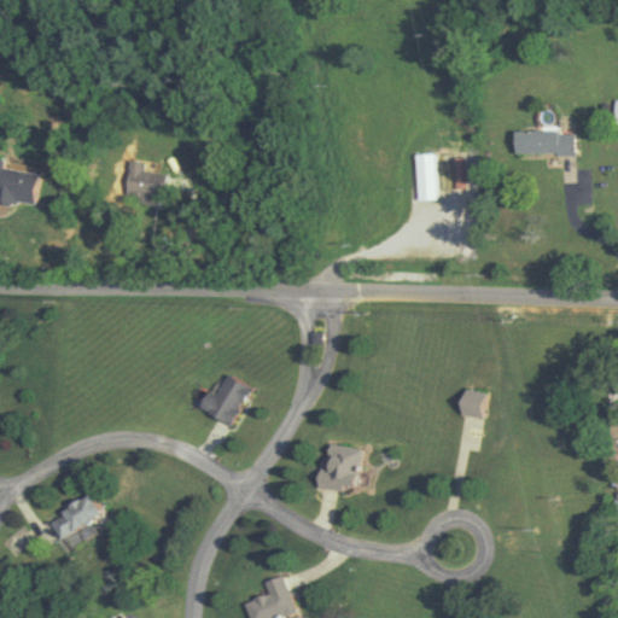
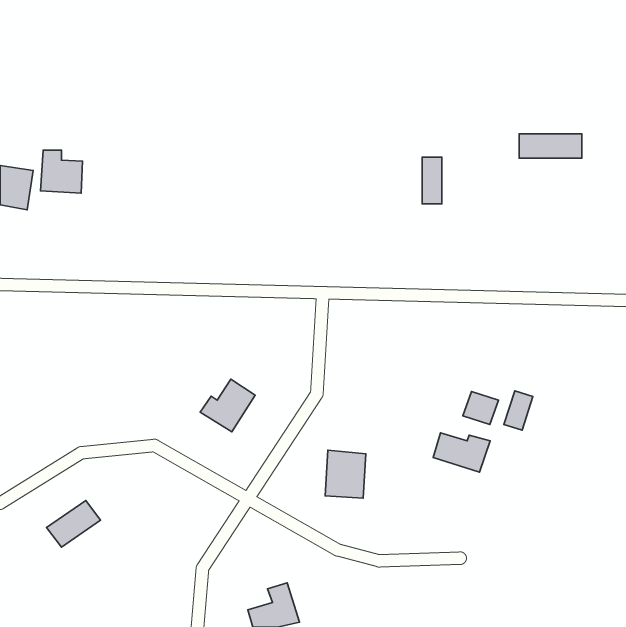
building: [121,163,162,205] -> [41,150,82,193]
building: none -> [504,391,533,430]
building: none -> [433,433,490,472]

